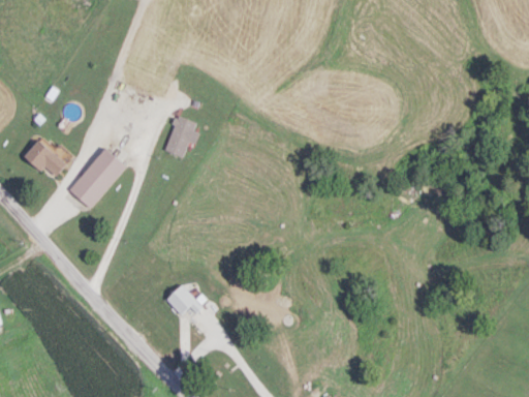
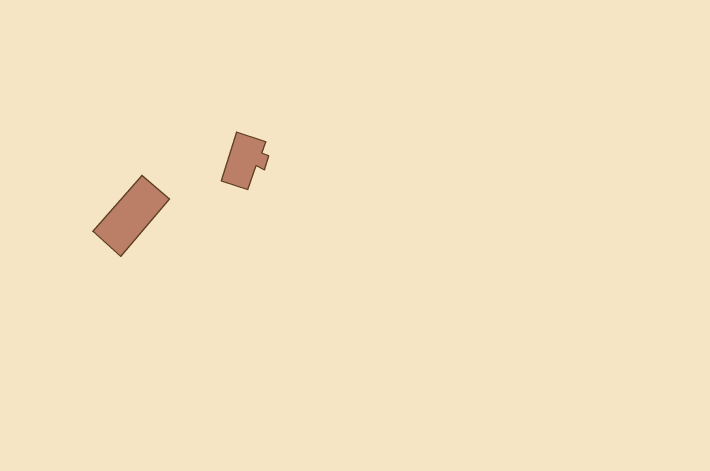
building: [24,138,67,175] -> none
building: [167,286,204,312] -> none

